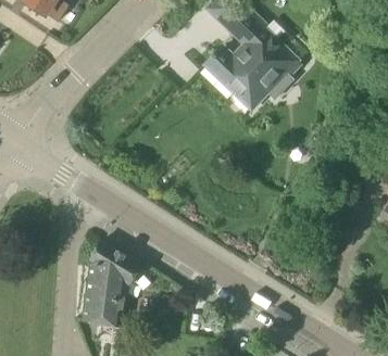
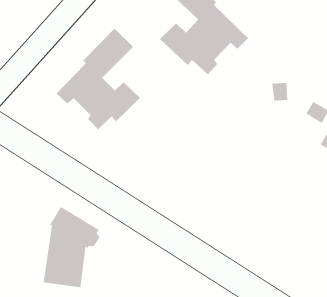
building: none -> [56,28,141,130]

